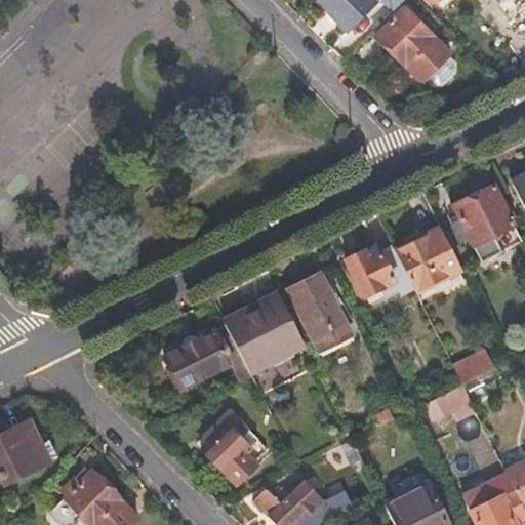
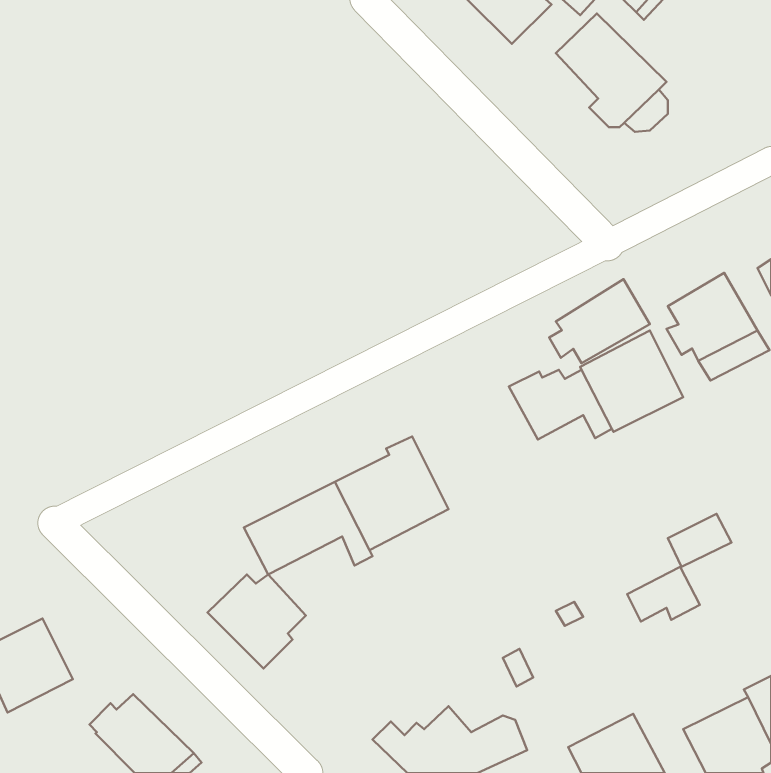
building: none -> [549,279,650,363]
building: [288,273,353,350] -> none
building: [201,420,268,484] -> [208,574,306,668]

